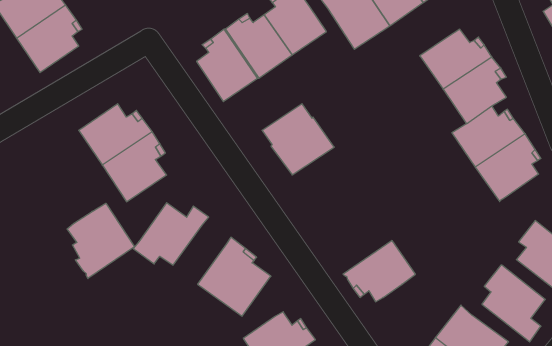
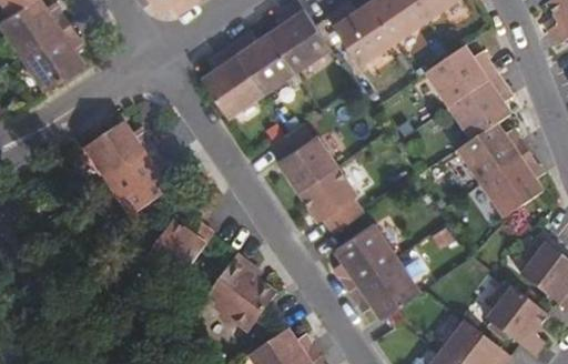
building: none -> [296,163,364,232]
building: [67,203,135,279] -> none
building: none -> [334,222,396,290]

